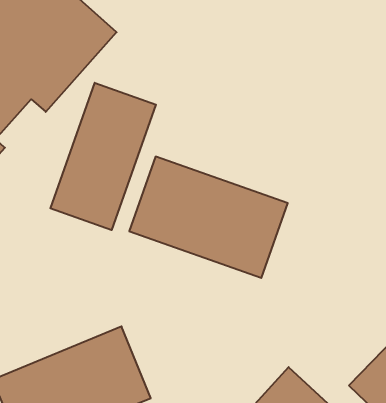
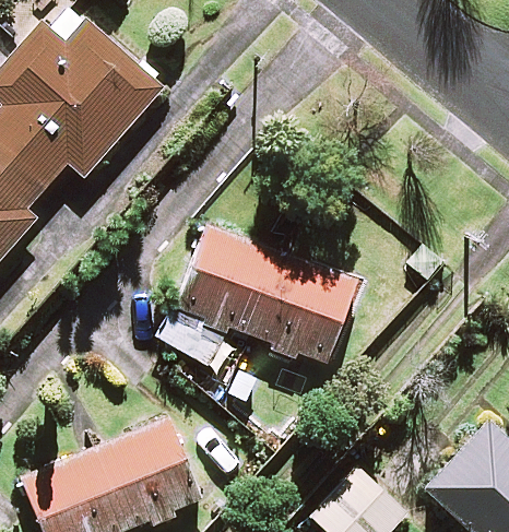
building: [50,83,156,230] -> none

